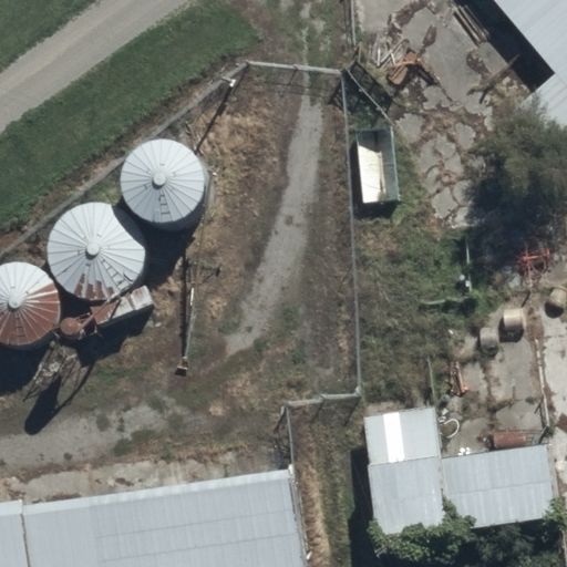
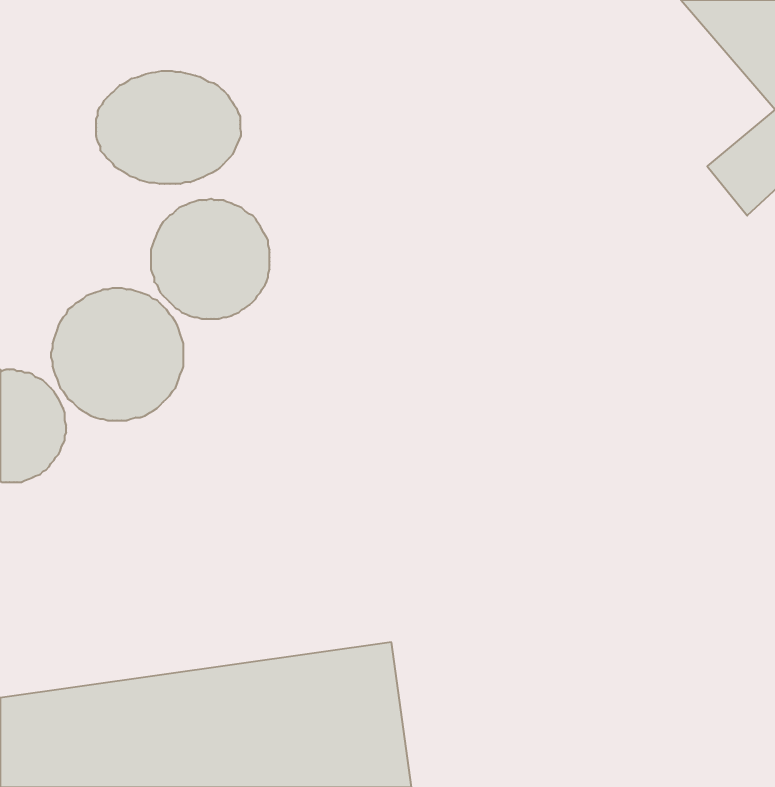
building: none -> [96,71,241,184]
building: [357,408,561,546] -> none

